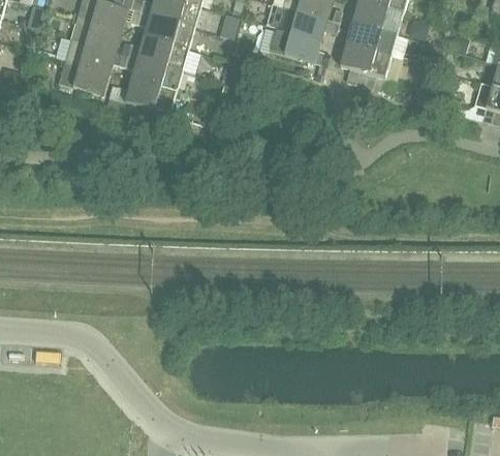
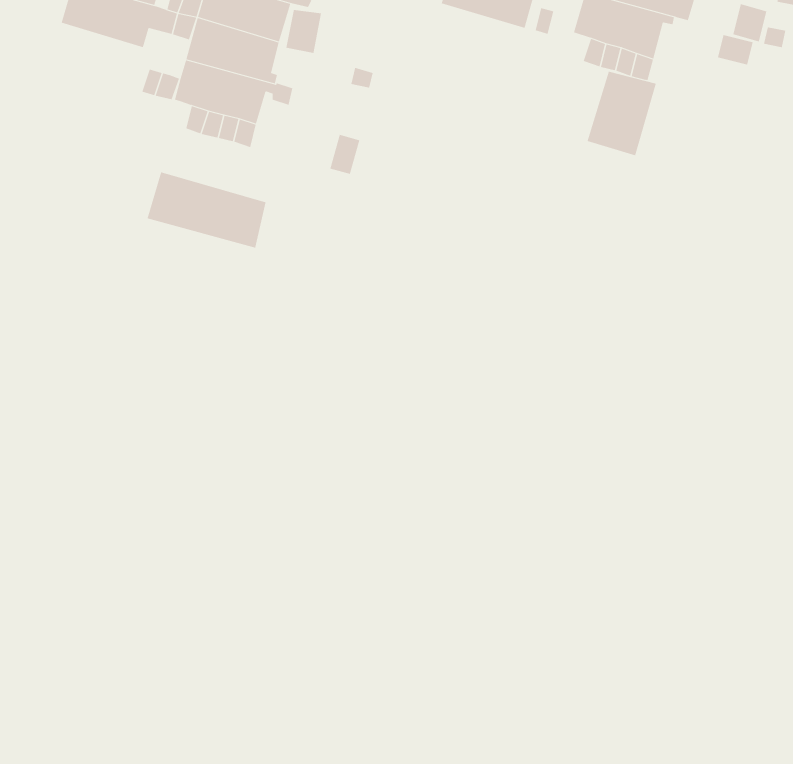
building: [59,55,110,90] -> none
building: none -> [587,71,656,156]
building: none -> [147,172,266,249]

